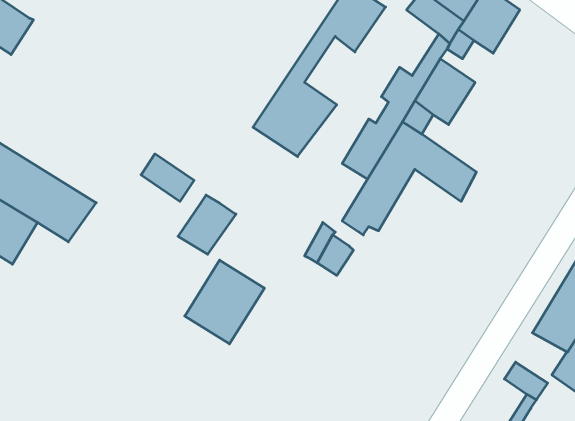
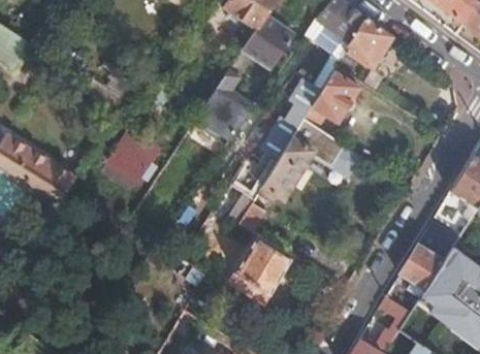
building: [178,195,236,254] -> none
building: [185,260,264,344] -> [230,240,289,302]

